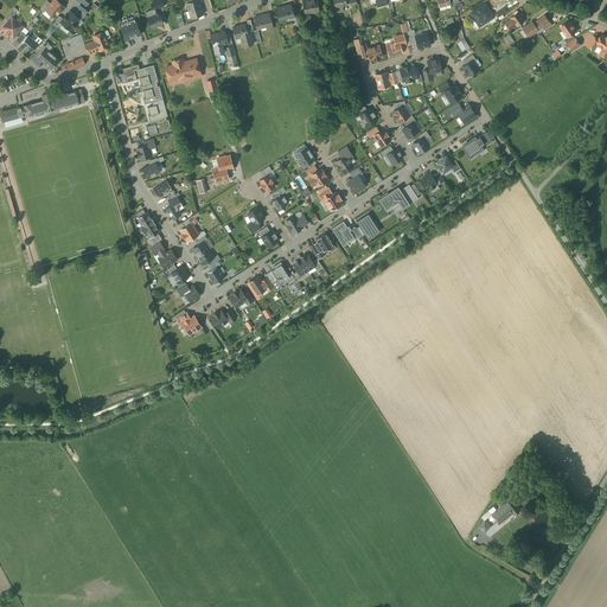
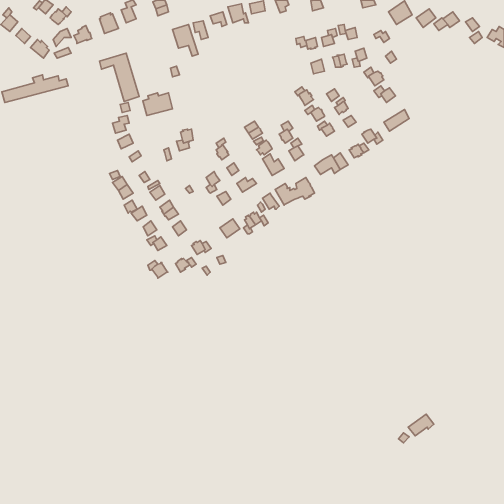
building: [164,58,199,85] -> [143,93,172,116]

